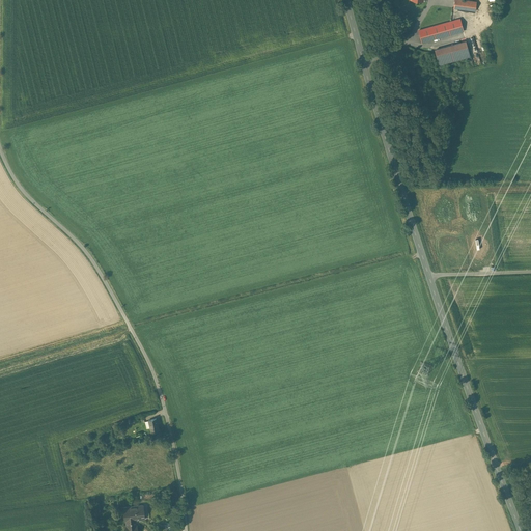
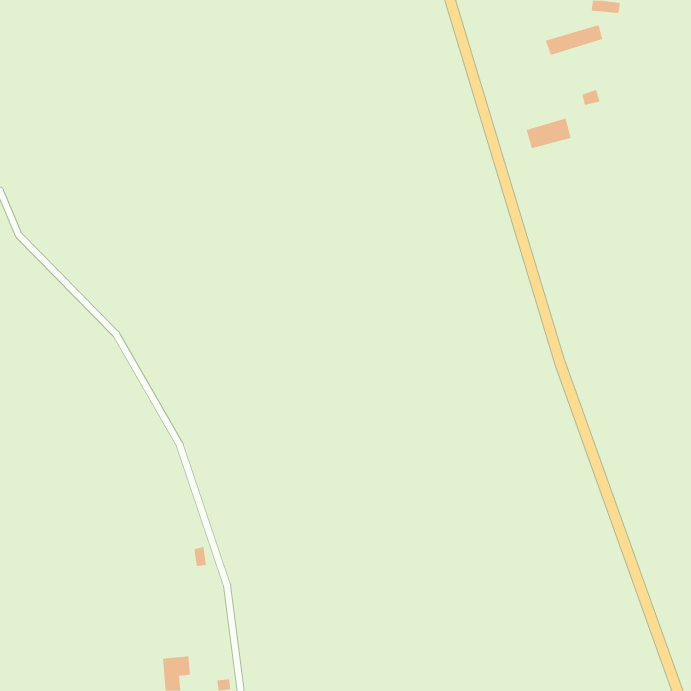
building: [435,40,470,64] -> [526,118,572,149]

